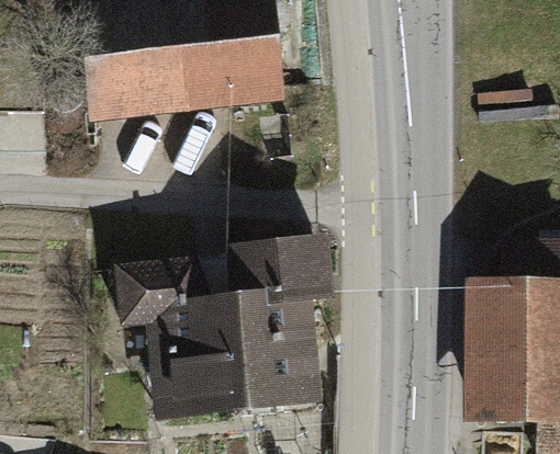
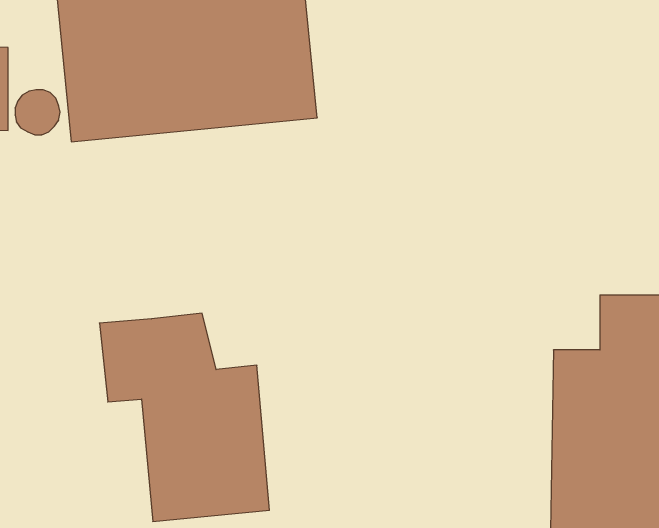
building: [231,236,334,408] -> none

